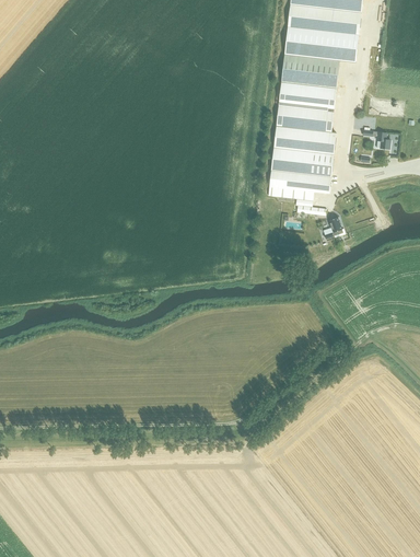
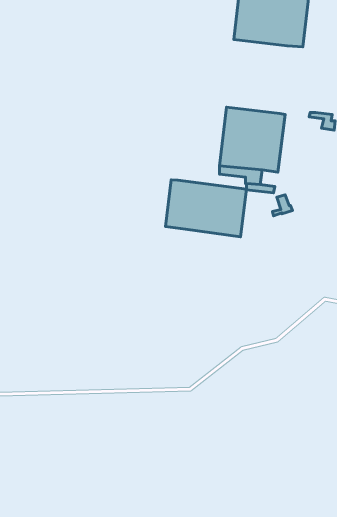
building: [276,51,339,129] -> none
building: none -> [165,180,246,237]

